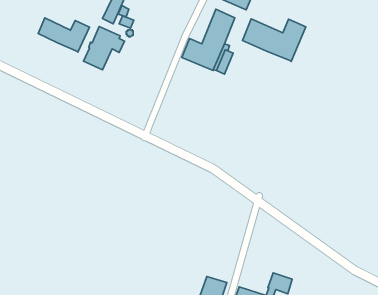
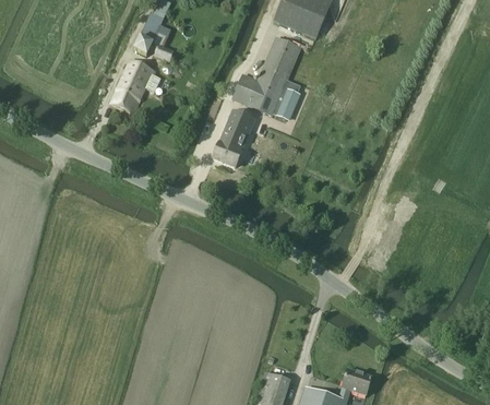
building: [38,18,89,52] -> none
building: [243,19,306,61] -> none
building: none -> [214,110,258,166]

